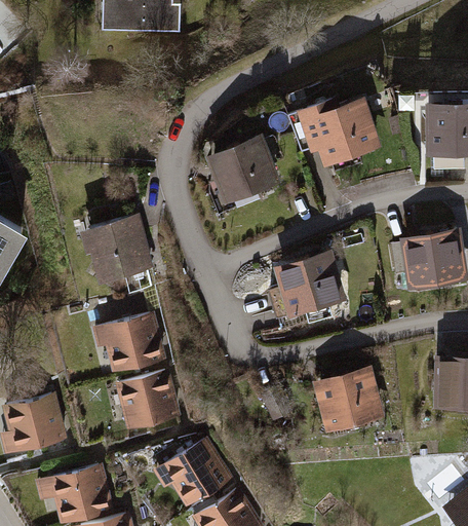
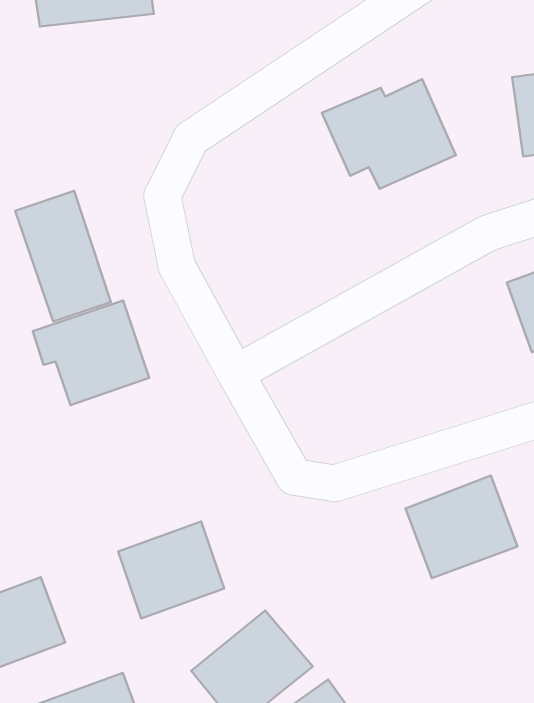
building: [201,134,279,205] -> none
building: none -> [15,191,111,321]
building: [270,246,347,316] -> none
building: [95,314,168,372] -> none

